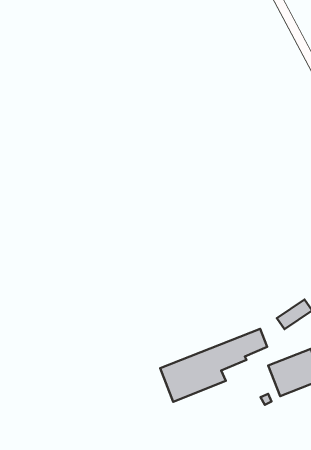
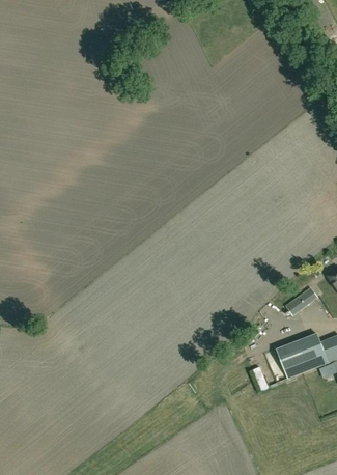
building: [160,329,267,402] -> none

